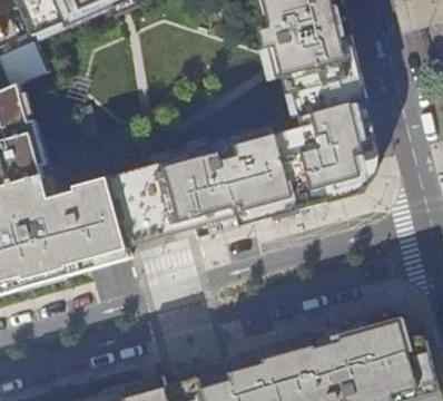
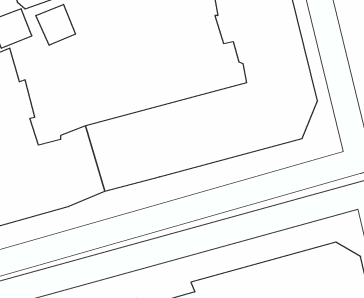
building: none -> [36,4,76,45]

